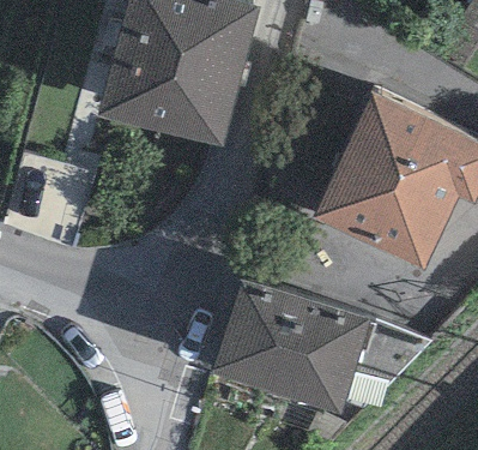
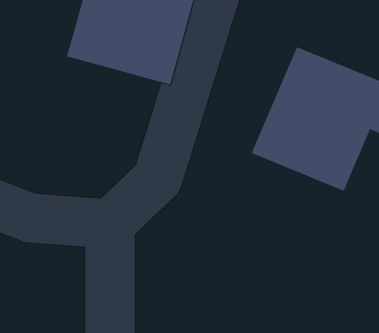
building: [212,278,371,412] -> none

